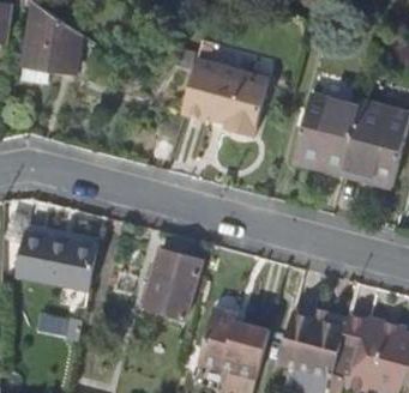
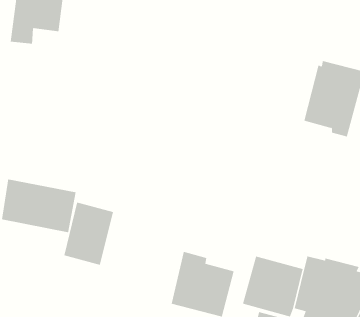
building: [182,58,269,134] -> none
building: [295,95,360,174] -> none
building: [145,248,200,318] -> [63,202,114,266]

